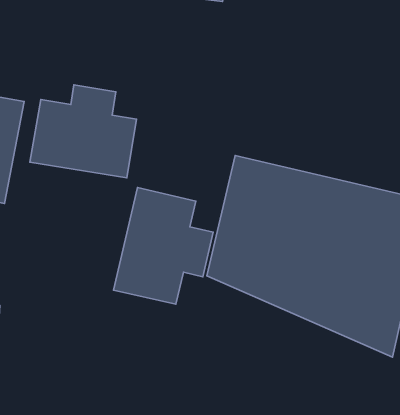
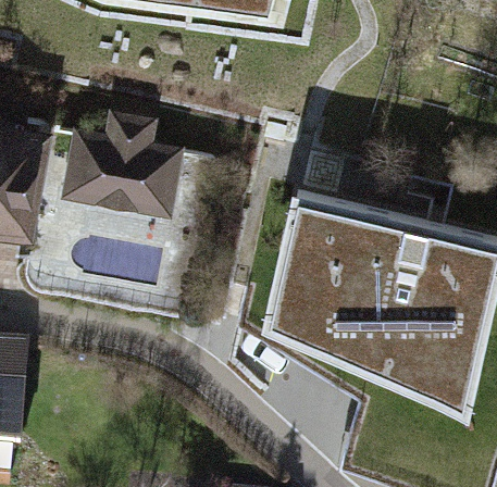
building: [113,188,213,304] -> none

